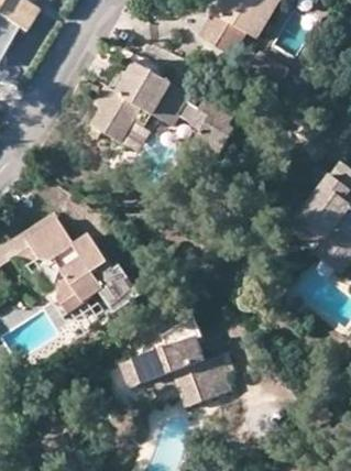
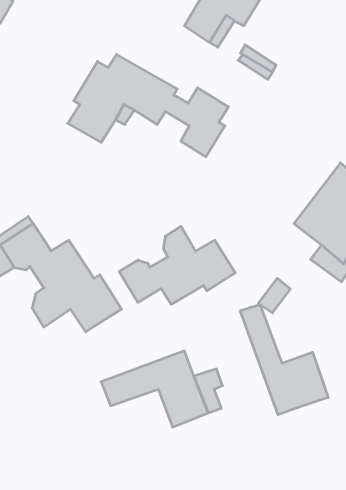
building: none -> [119,226,235,304]
building: none -> [240,304,328,415]

